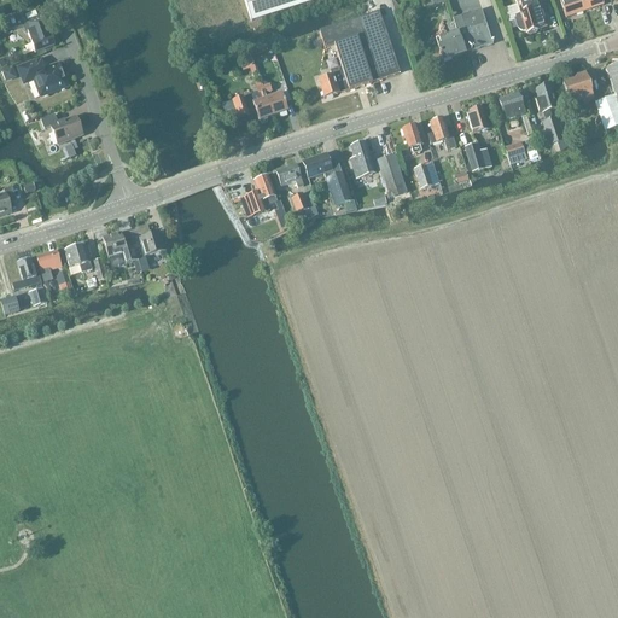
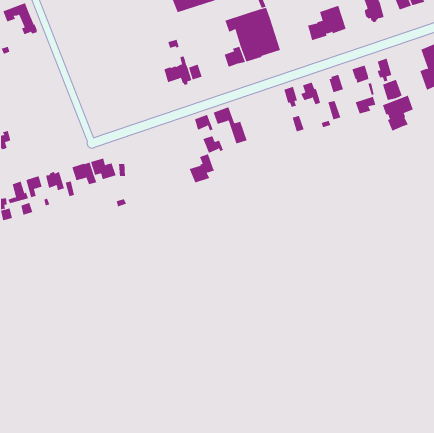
building: [19,57,68,94] -> none
building: [564,70,595,100] -> none
building: [41,112,83,142] -> none
building: none -> [382,95,413,132]
building: [350,140,373,177] -> none
building: [377,153,409,200] -> none
building: [240,174,278,216] -> [189,153,215,183]

